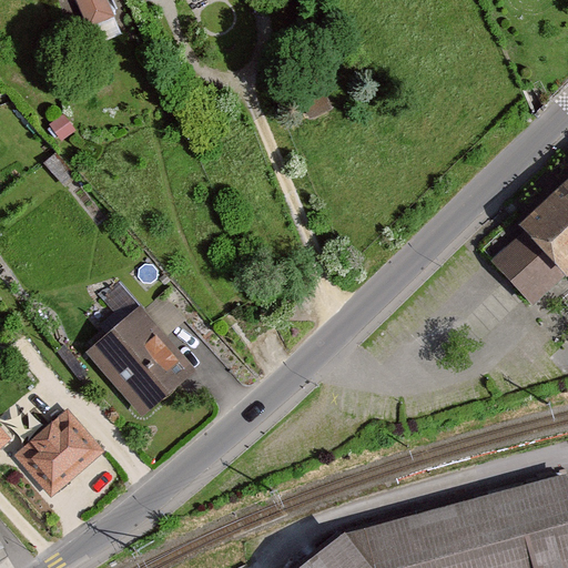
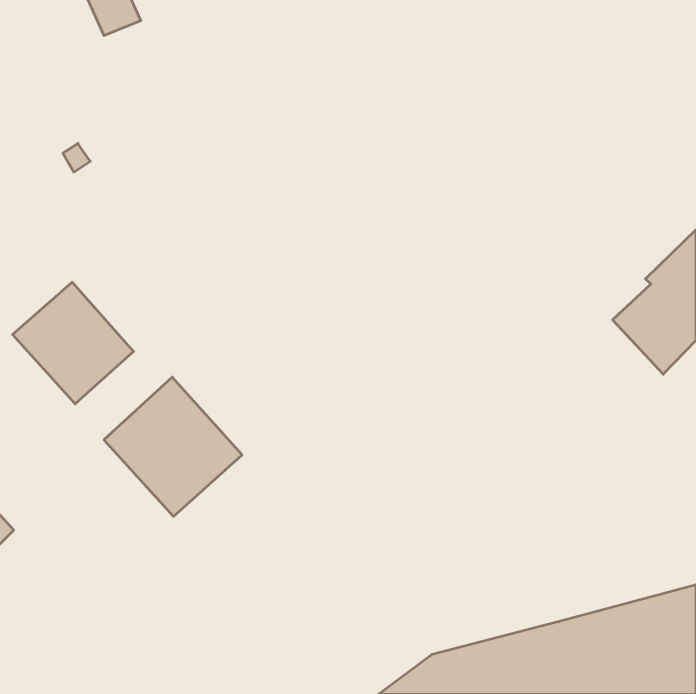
building: none -> [13,282,134,404]
building: [16,413,102,498] -> none

